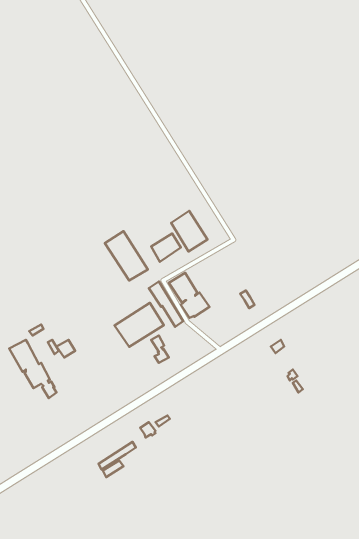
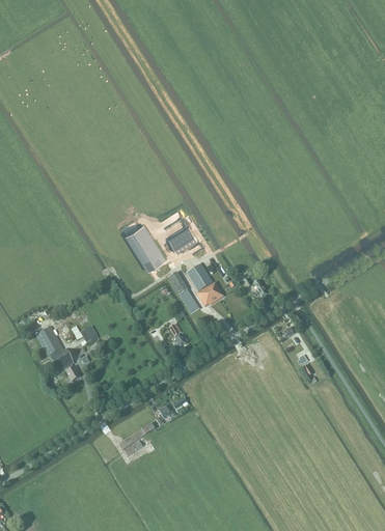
building: [171,211,207,251] -> none
building: [115,303,164,347] -> none

